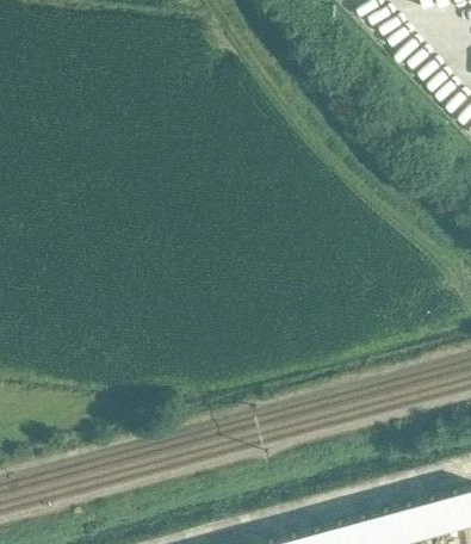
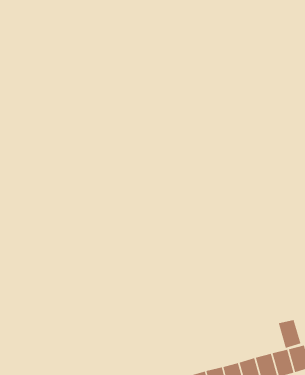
building: none -> [278,319,301,349]

